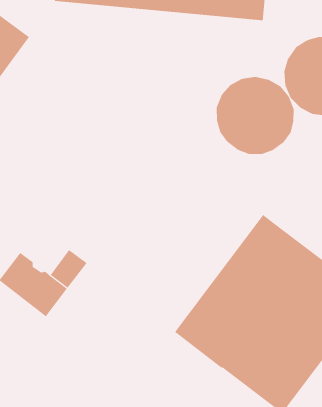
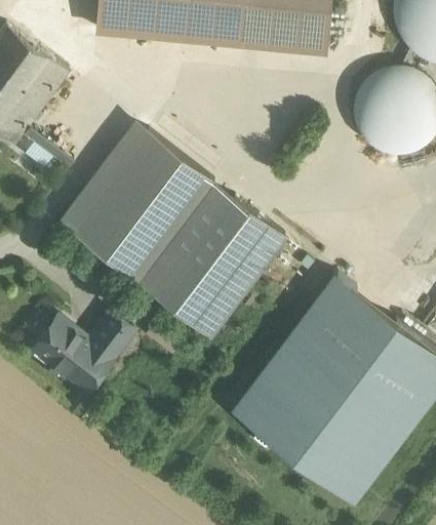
building: [216,76,294,155] -> none
building: none -> [68,131,208,279]
building: none -> [140,187,286,335]

